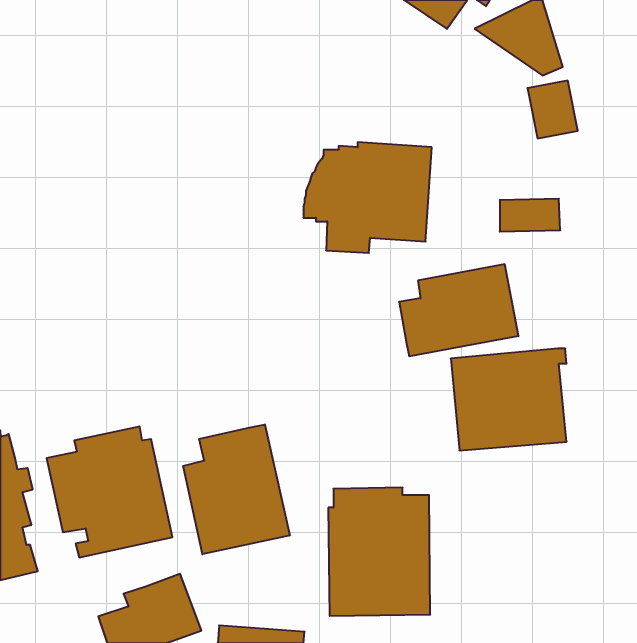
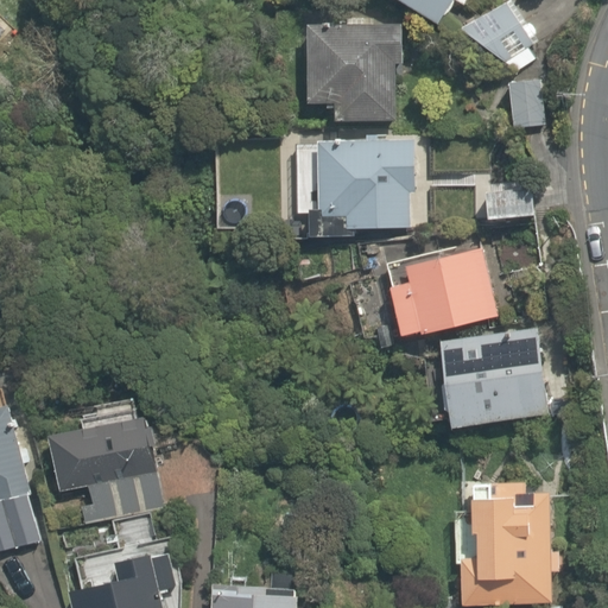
building: none -> [303,26,410,124]
building: [183,424,290,554] -> none
building: [328,488,430,616] -> [455,481,551,602]

